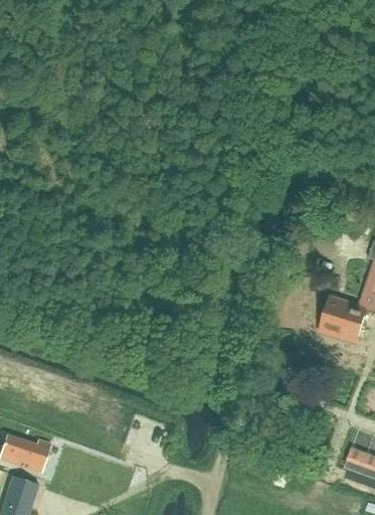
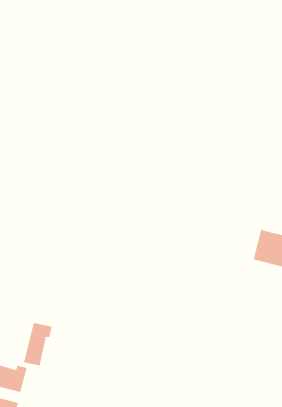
building: none -> [24,322,52,366]

